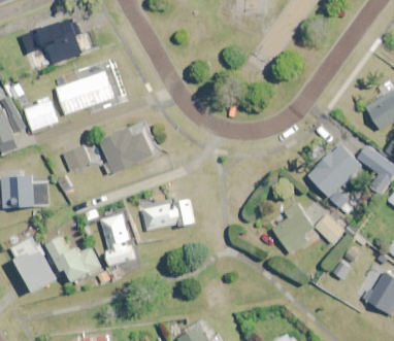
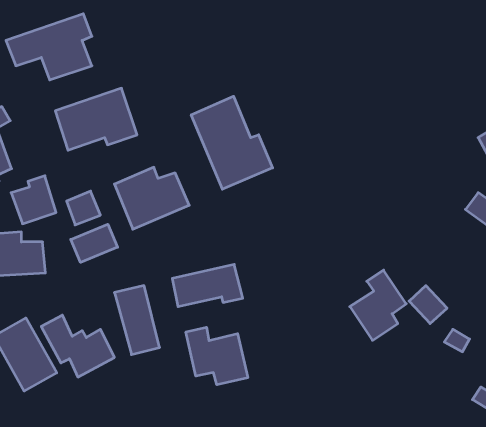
building: none -> [191,96,273,189]
building: [23,96,56,131] -> [11,176,56,224]
building: [303,141,360,213] -> none
building: none -> [71,224,118,262]
building: none -> [186,327,248,385]

